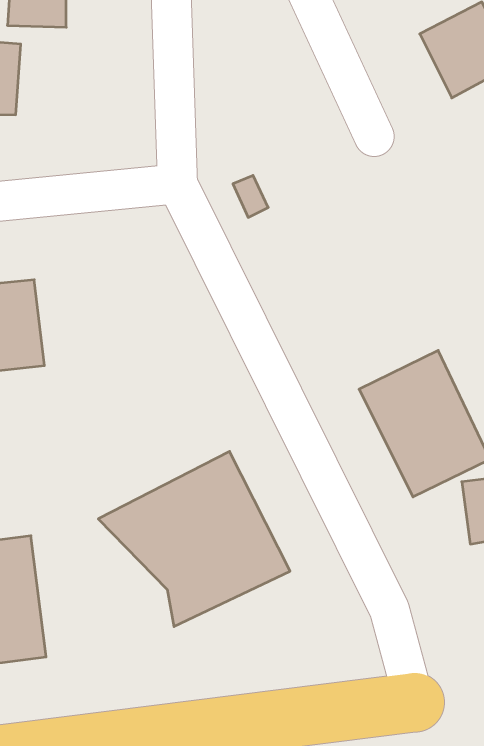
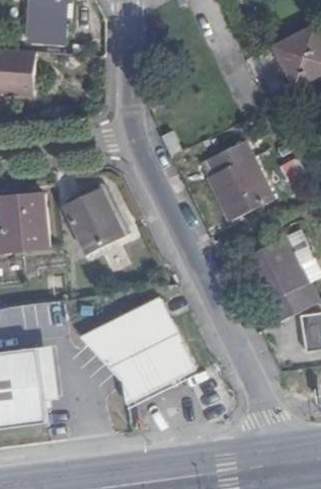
building: none -> [202,139,273,221]
building: none -> [65,186,121,250]

